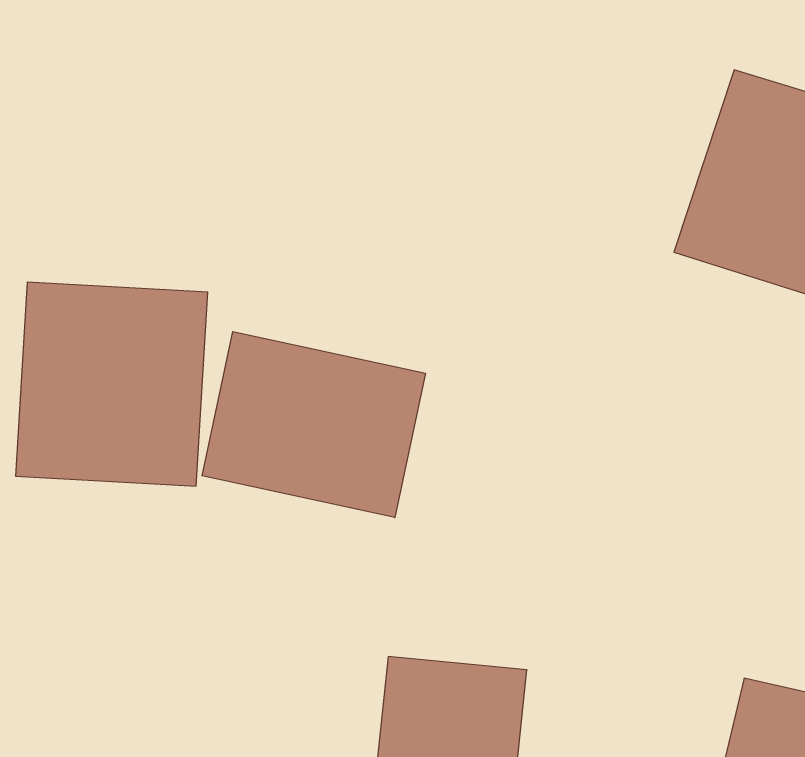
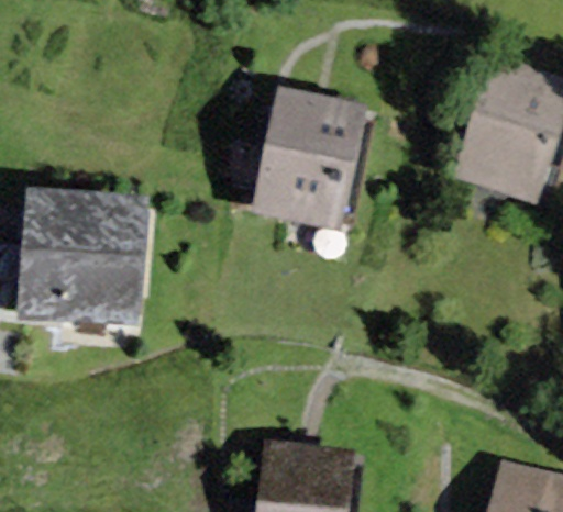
building: none -> [251,93,368,232]
building: [202,332,425,518] -> none

